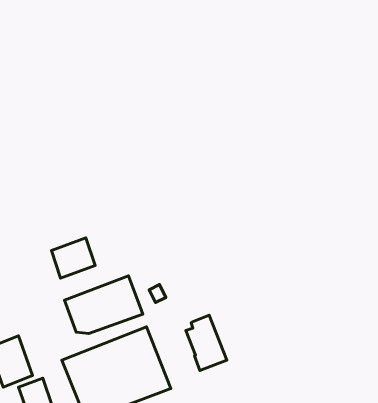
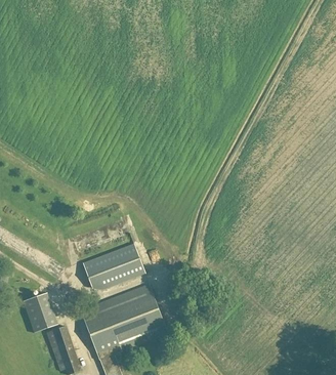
building: [51,238,95,278] -> none
building: [186,315,227,370] -> none

